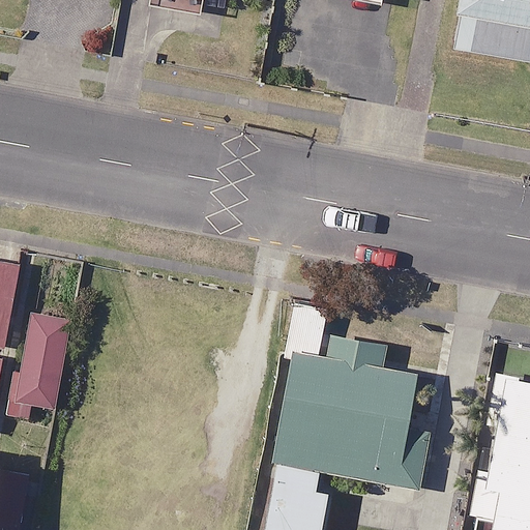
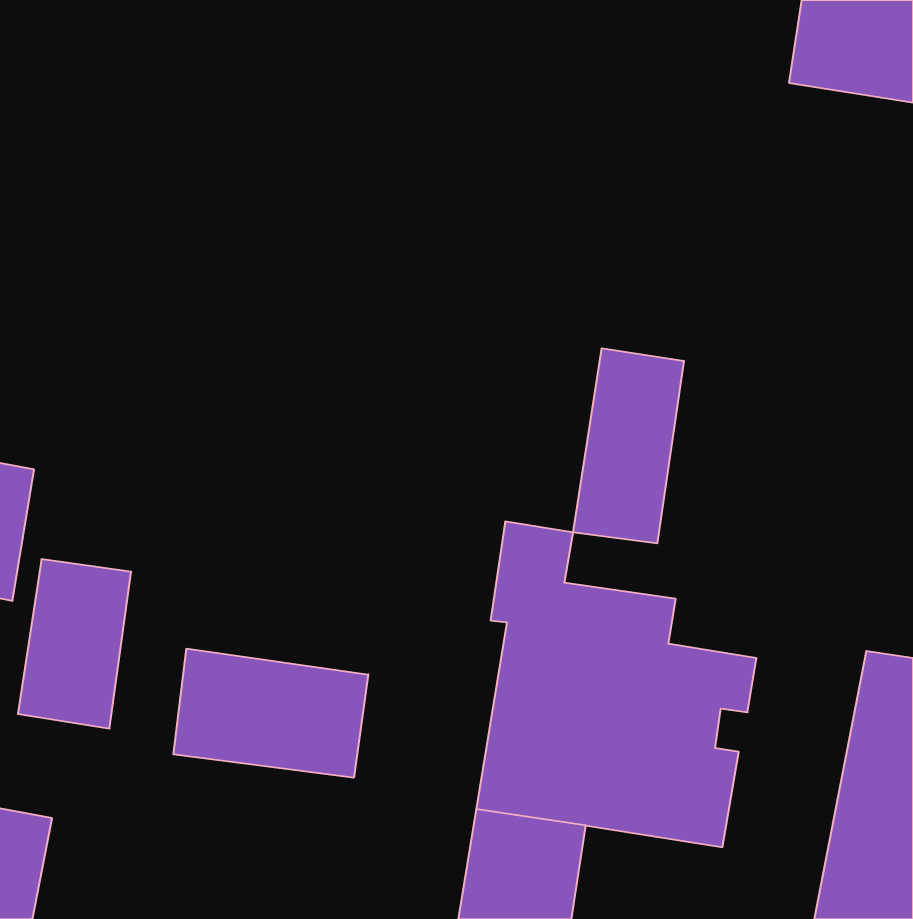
building: none -> [573,348,684,543]
building: none -> [173,649,368,778]

